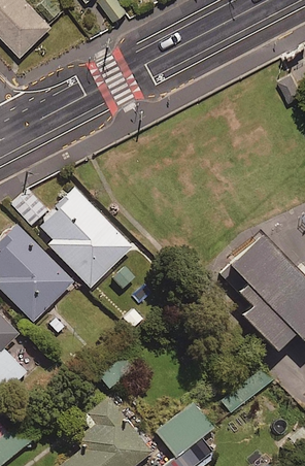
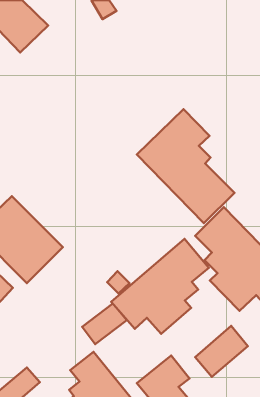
building: none -> [137,109,234,223]
building: [35,187,134,286] -> none
building: none -> [111,239,209,334]

